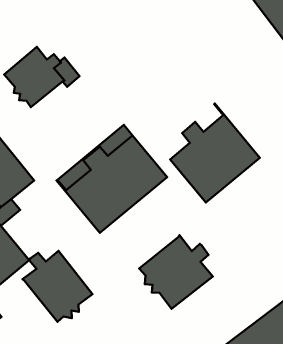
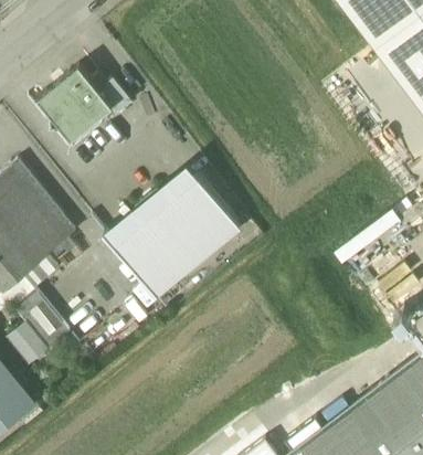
building: [170,104,260,203] -> none
building: [139,235,213,309] -> none
building: [23,251,92,322] -> none

